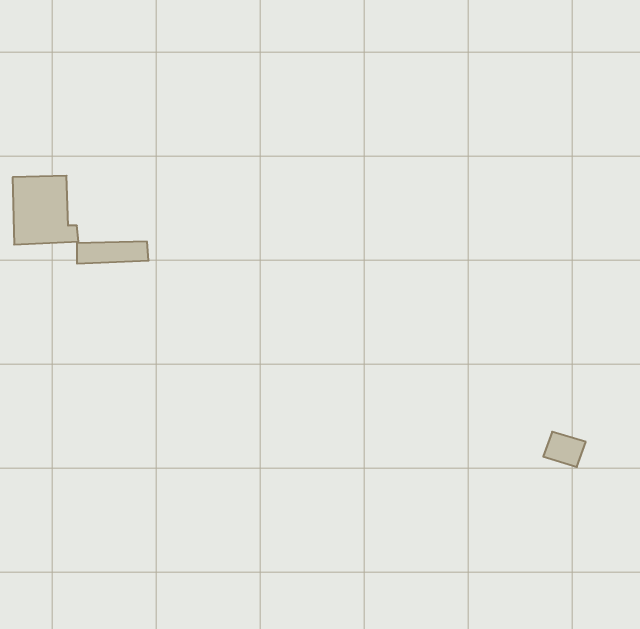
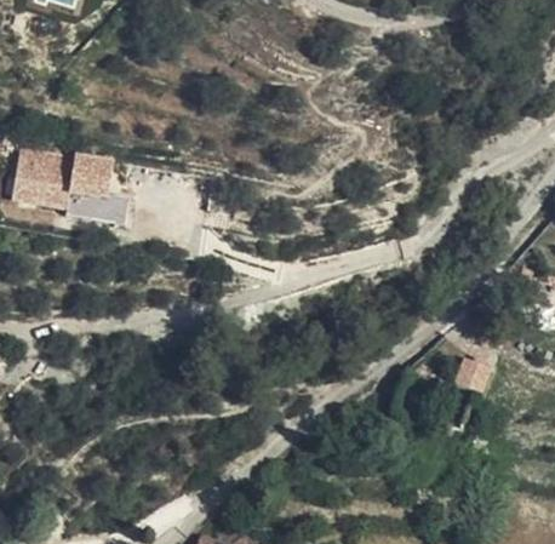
building: none -> [71,153,111,194]

